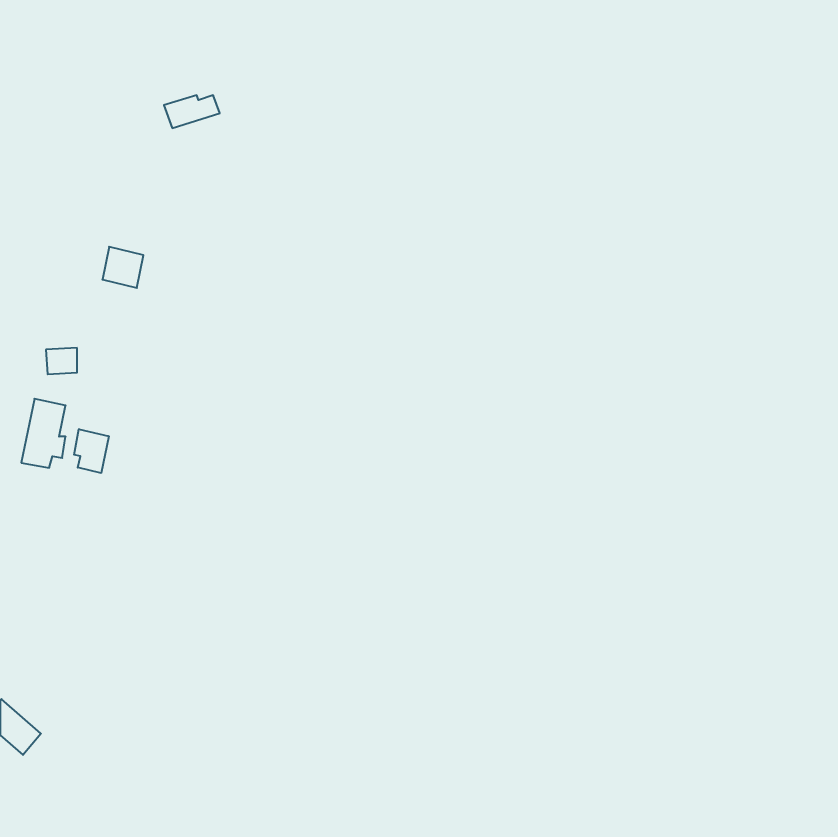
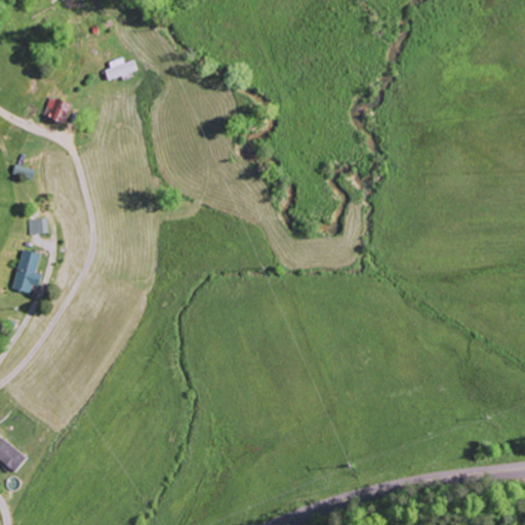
building: [102,247,143,288] -> [44,97,70,123]
building: [74,429,109,473] -> none

